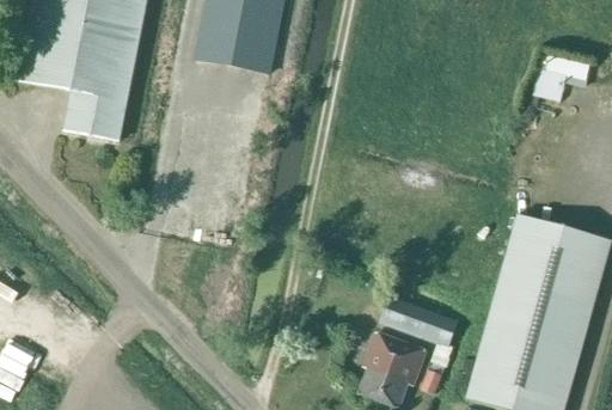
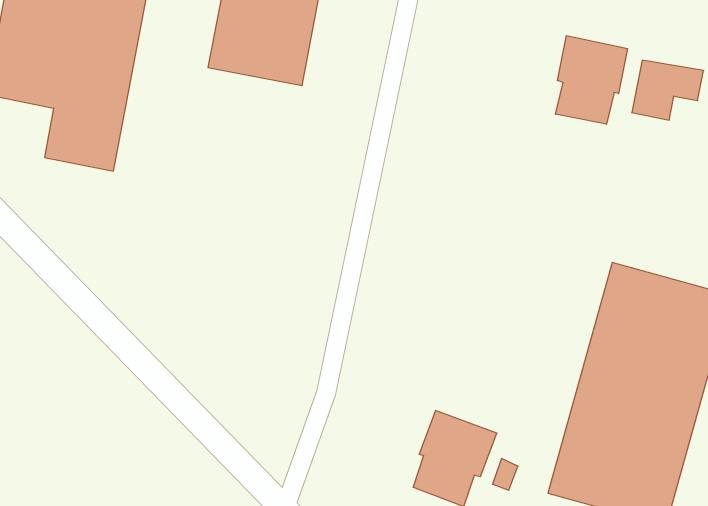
building: none -> [555,36,628,124]
building: [379,296,458,349] -> none

